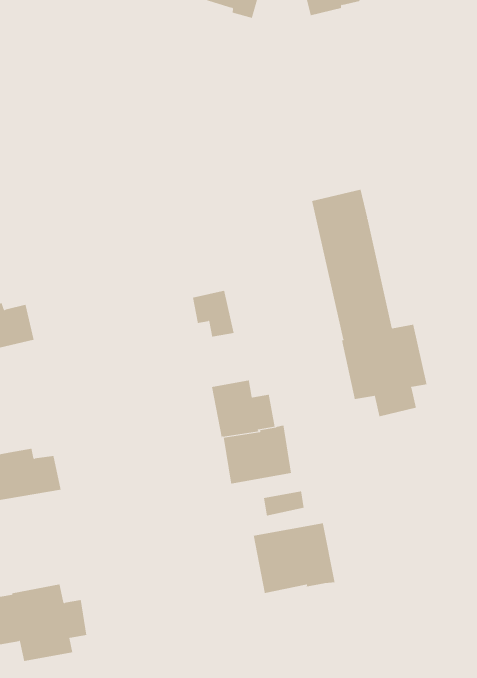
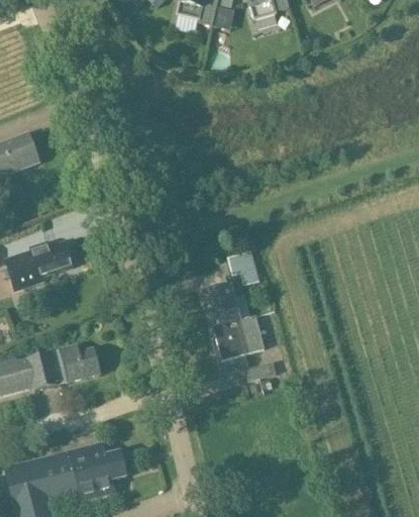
building: [311,189,427,417] -> none
building: [192,290,234,337] -> [227,251,259,286]
building: [253,522,335,594] -> none

